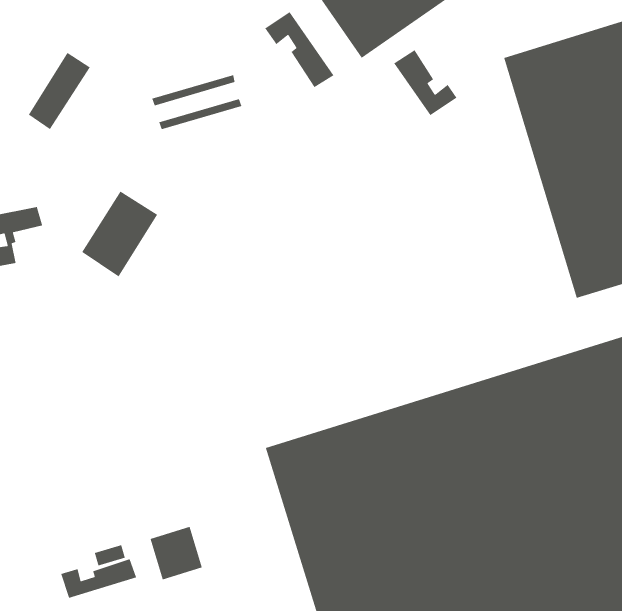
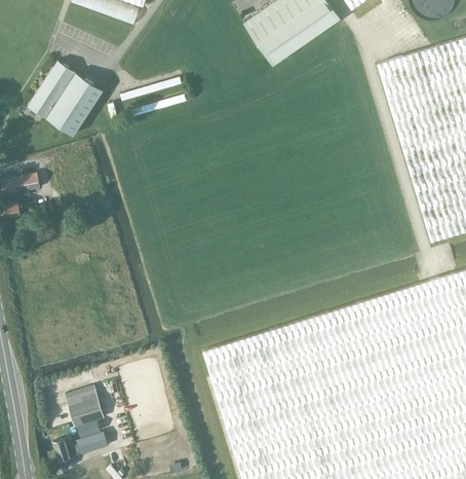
building: [264,11,335,88] -> none
building: [393,49,457,116] -> none
building: [81,191,158,278] -> [46,71,103,135]
building: [150,526,203,580] -> [65,385,104,426]

